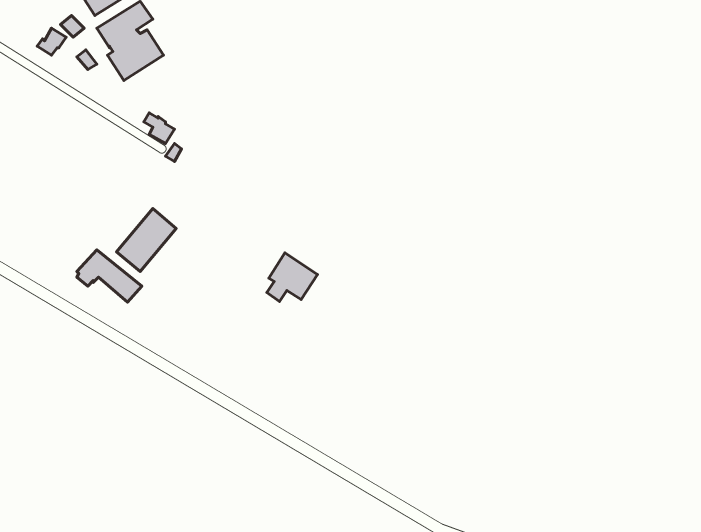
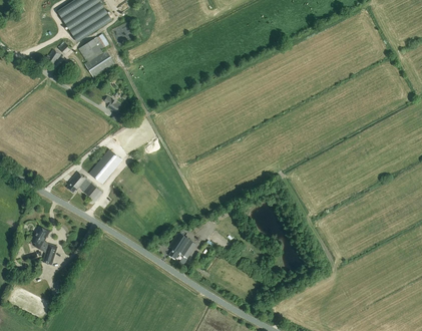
building: [267,253,317,301] -> [168,232,196,259]
building: none -> [31,227,57,264]

